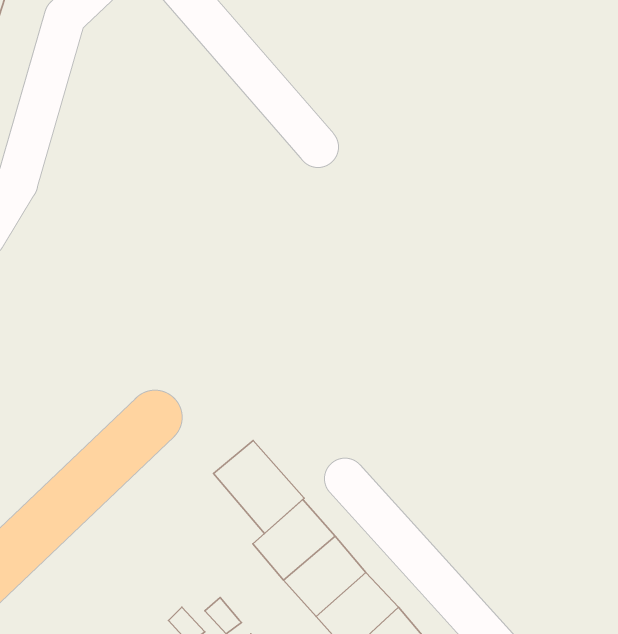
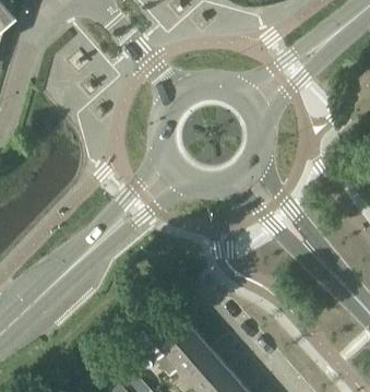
building: [214,441,304,533] -> none

